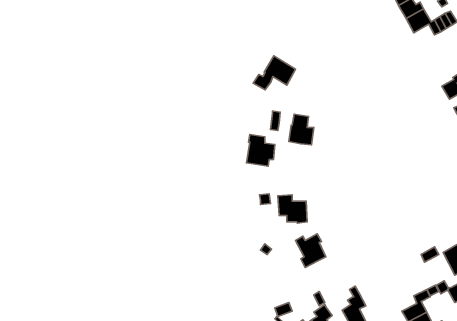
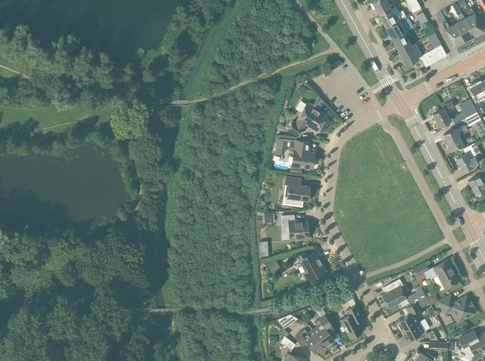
building: [253,56,296,90] -> [288,104,327,135]
building: [246,135,275,166] -> [284,177,310,206]
building: none -> [382,279,410,308]

